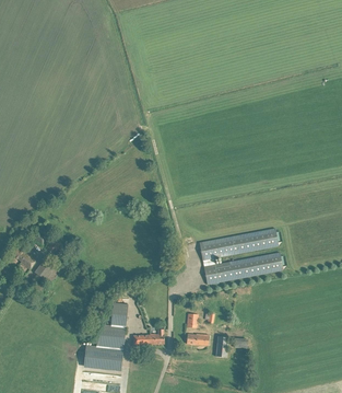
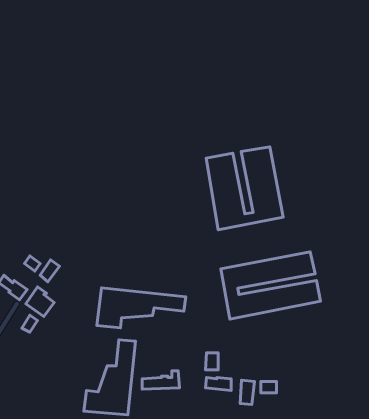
building: none -> [206,147,283,230]
building: none -> [97,288,186,328]

